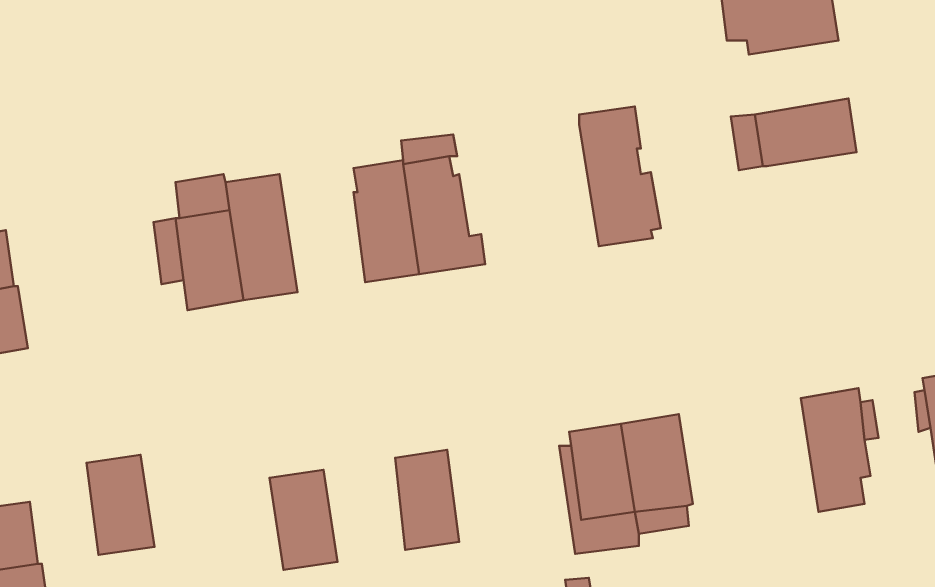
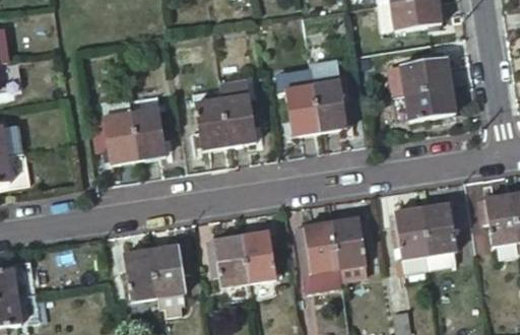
building: none -> [277,69,320,135]
building: none -> [405,83,455,119]
building: none -> [390,208,432,270]
building: none -> [243,230,277,281]
building: [87,455,154,555] -> [125,249,159,299]

